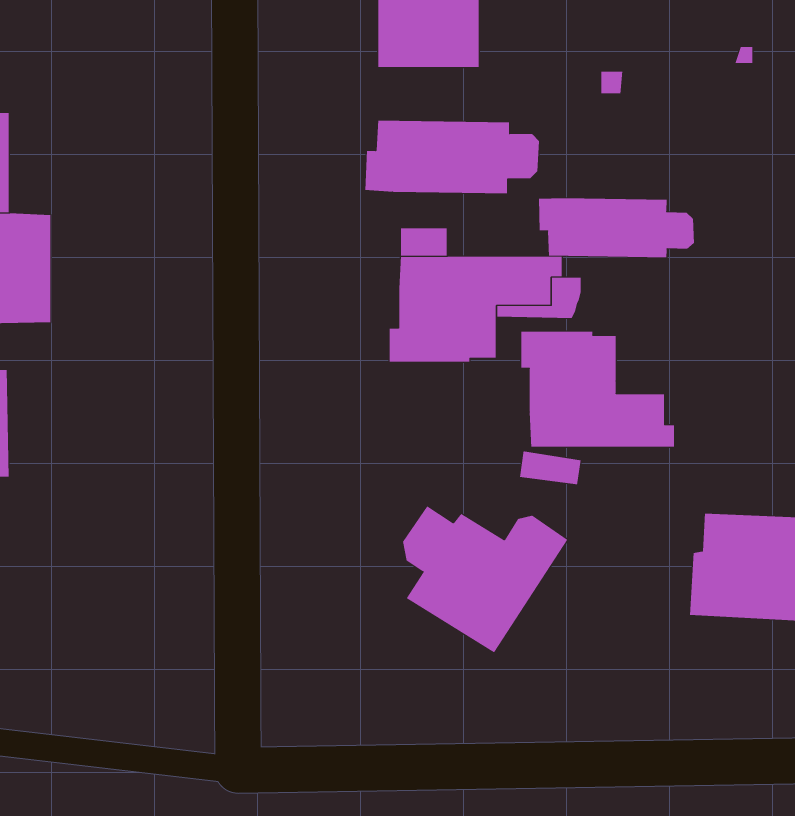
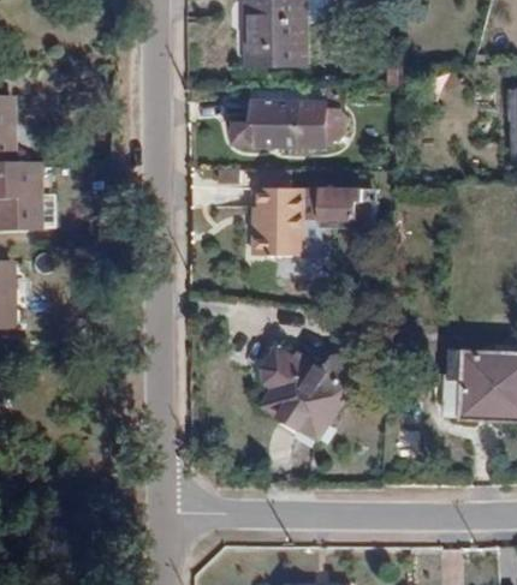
building: [539,197,694,258] -> none
building: [521,331,675,447] -> none

